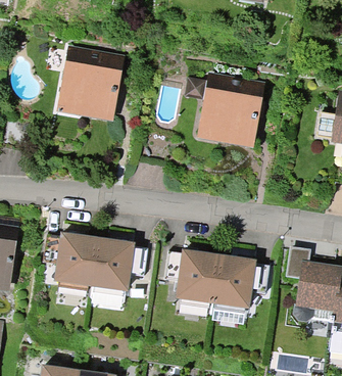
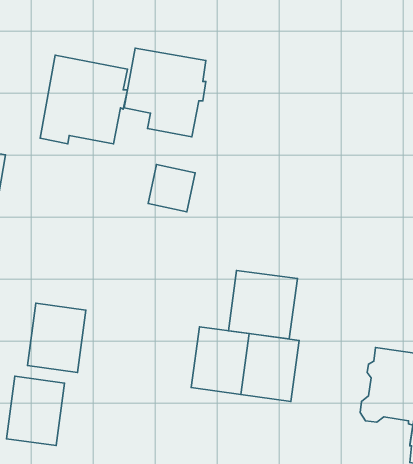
building: [202,78,262,143] -> [124,48,206,137]
building: none -> [228,270,297,339]
building: [86,238,129,289] -> [6,376,65,446]

